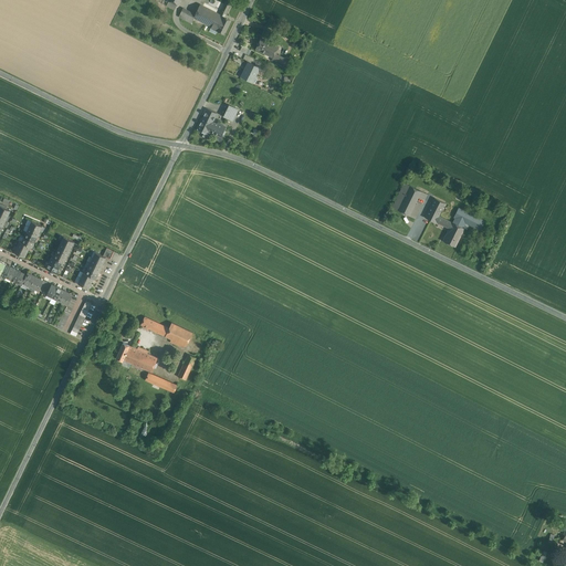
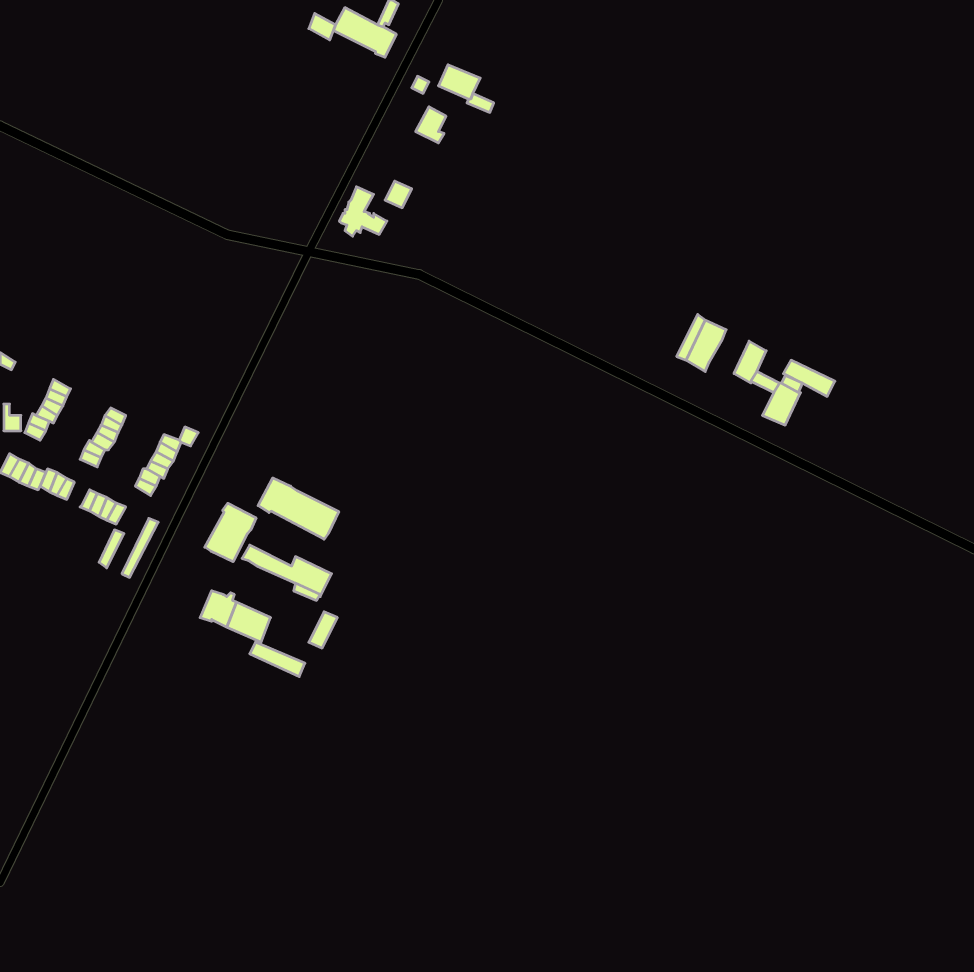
building: none -> [258,478,339,539]
building: none -> [205,503,256,562]

